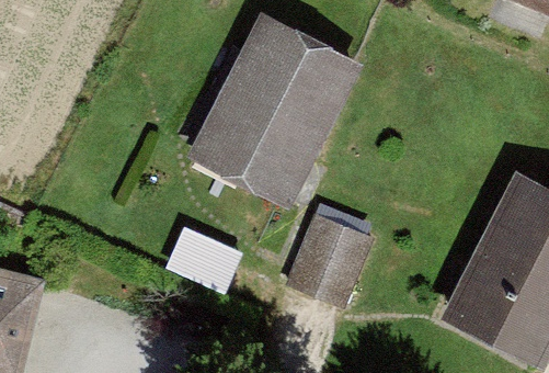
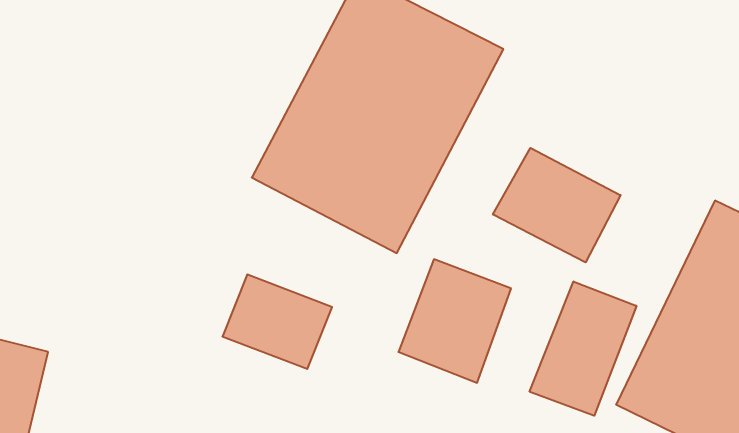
building: none -> [493,148,621,262]
building: none -> [530,281,636,416]

